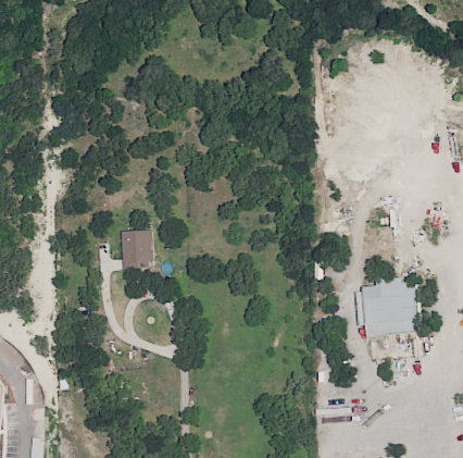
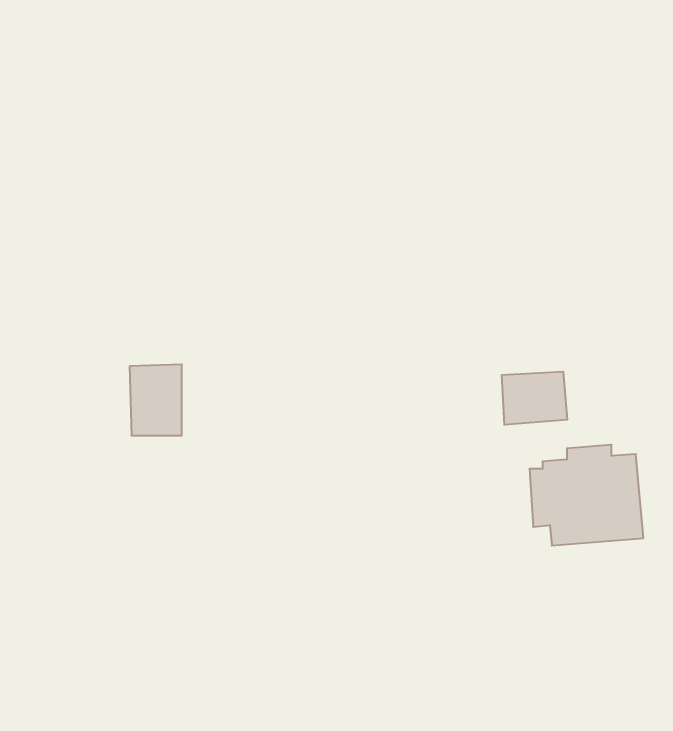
building: none -> [502,372,567,425]

